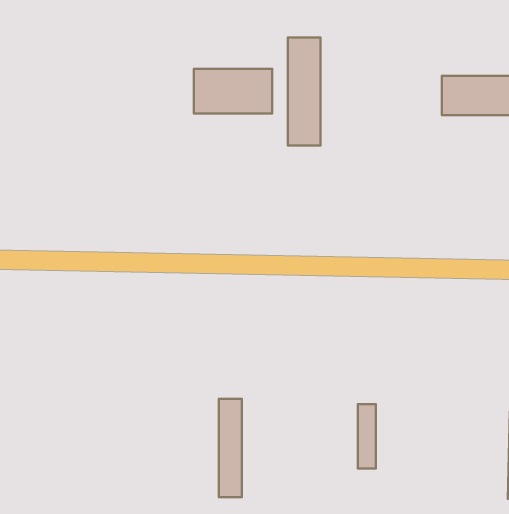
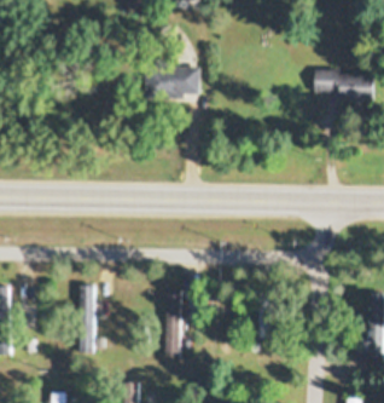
building: [288,38,320,146] -> none
building: none -> [78,286,95,353]

